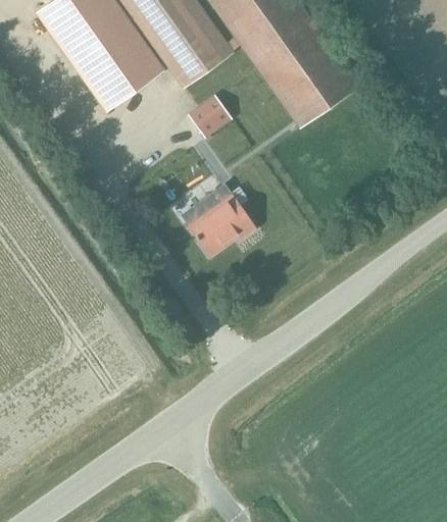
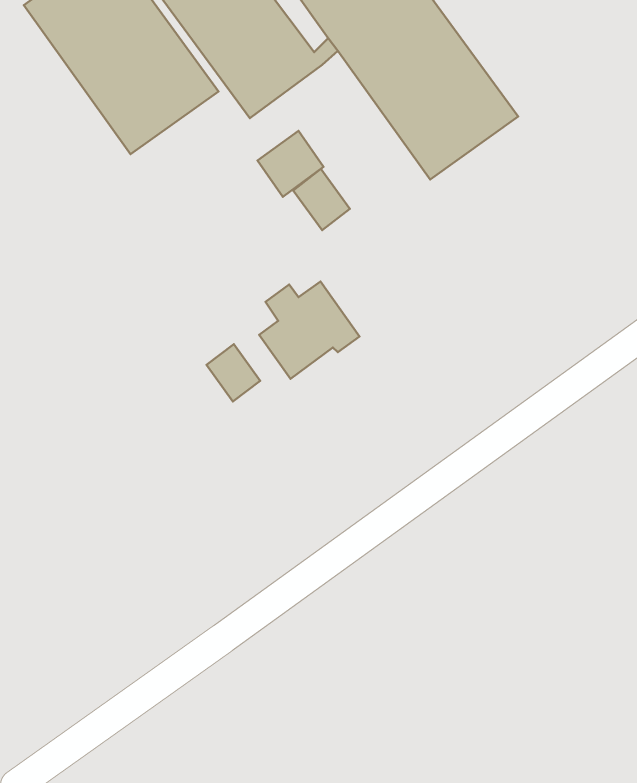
building: none -> [293,169,350,230]
building: none -> [207,344,260,401]

